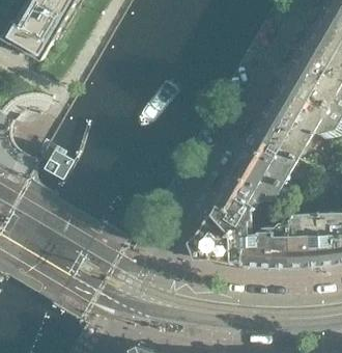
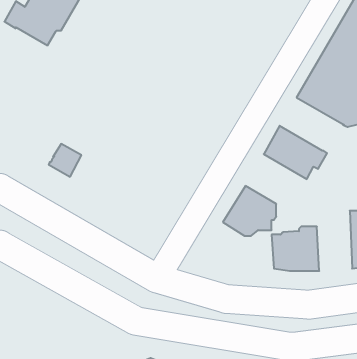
building: [256,108,315,157] -> none
building: [225,160,281,207] -> none
building: [289,212,322,267] -> none
building: [193,222,251,265] -> none

